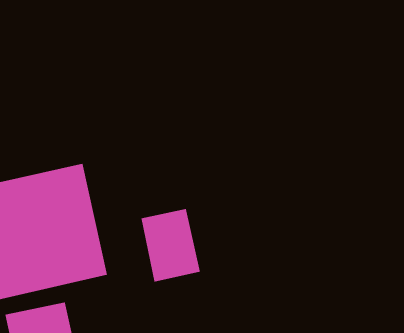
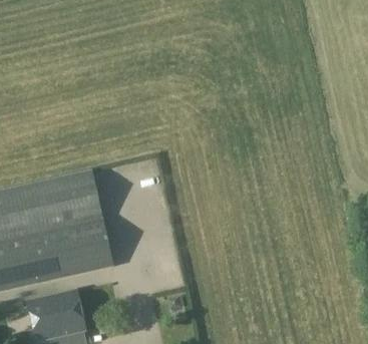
building: [141,208,201,283] -> none

